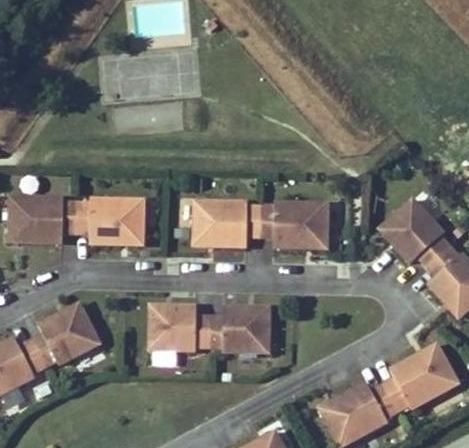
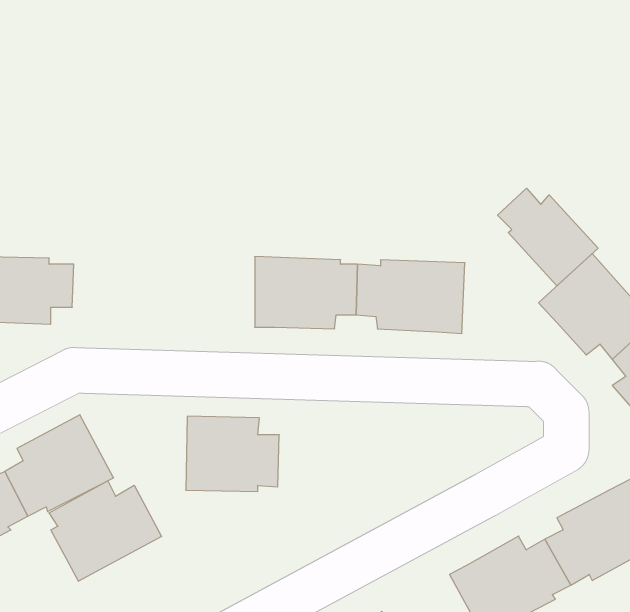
building: none -> [498,188,598,286]
building: [74,200,141,244] -> none
building: [208,305,270,354] -> none
building: none -> [49,481,162,581]

